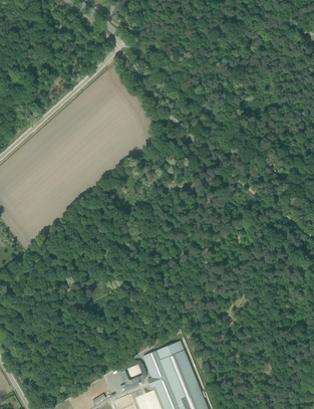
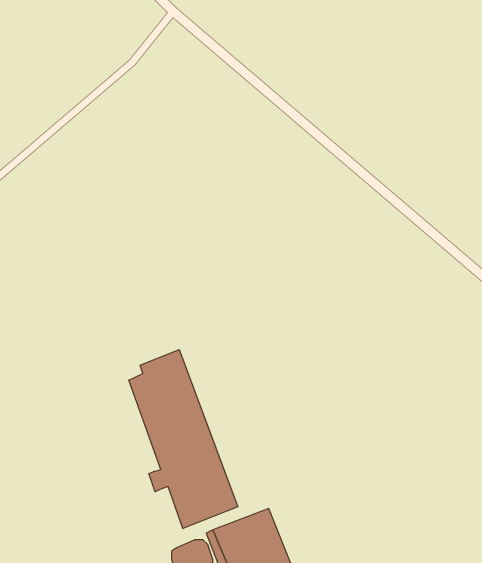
building: none -> [129,350,238,529]

